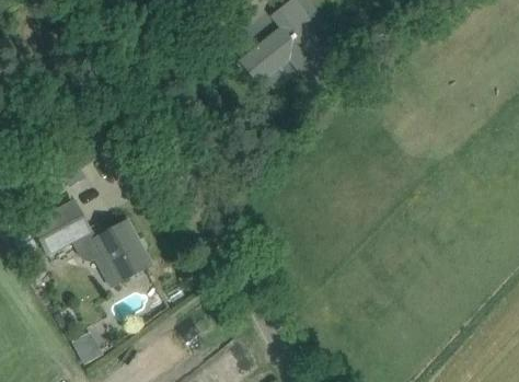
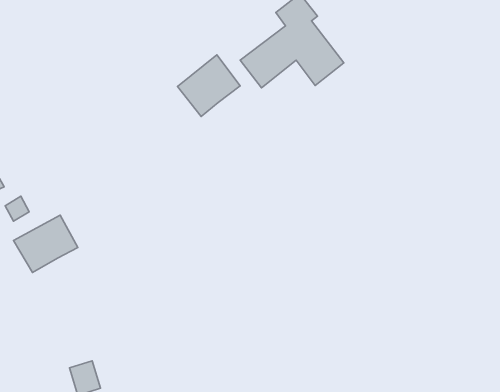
building: none -> [178,55,240,117]
building: [71,220,147,286] -> none

